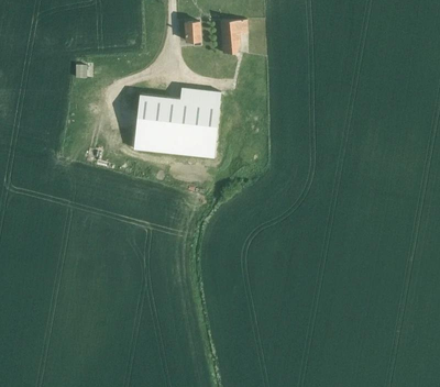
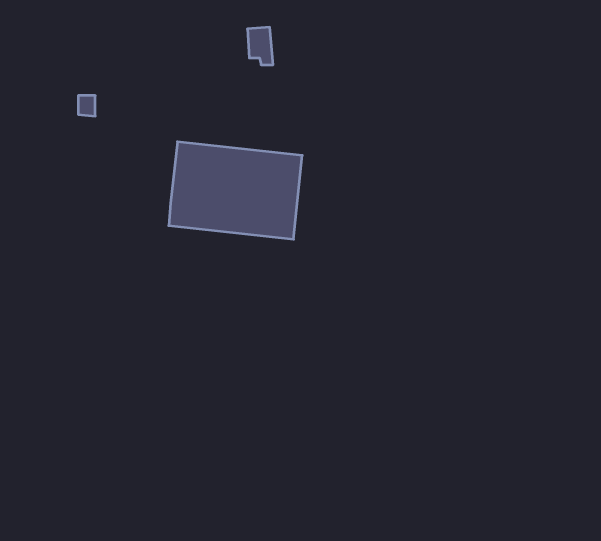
building: [221,19,248,53] -> none

